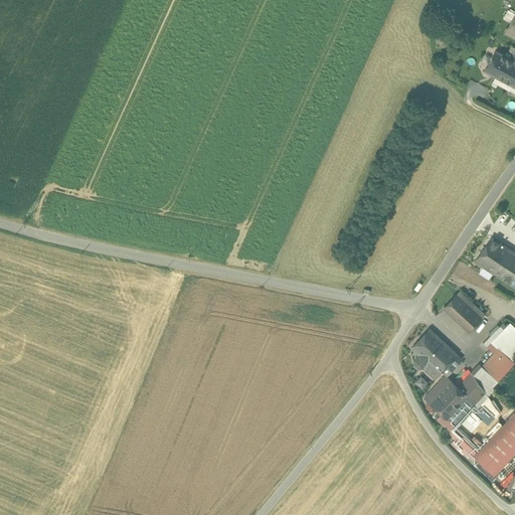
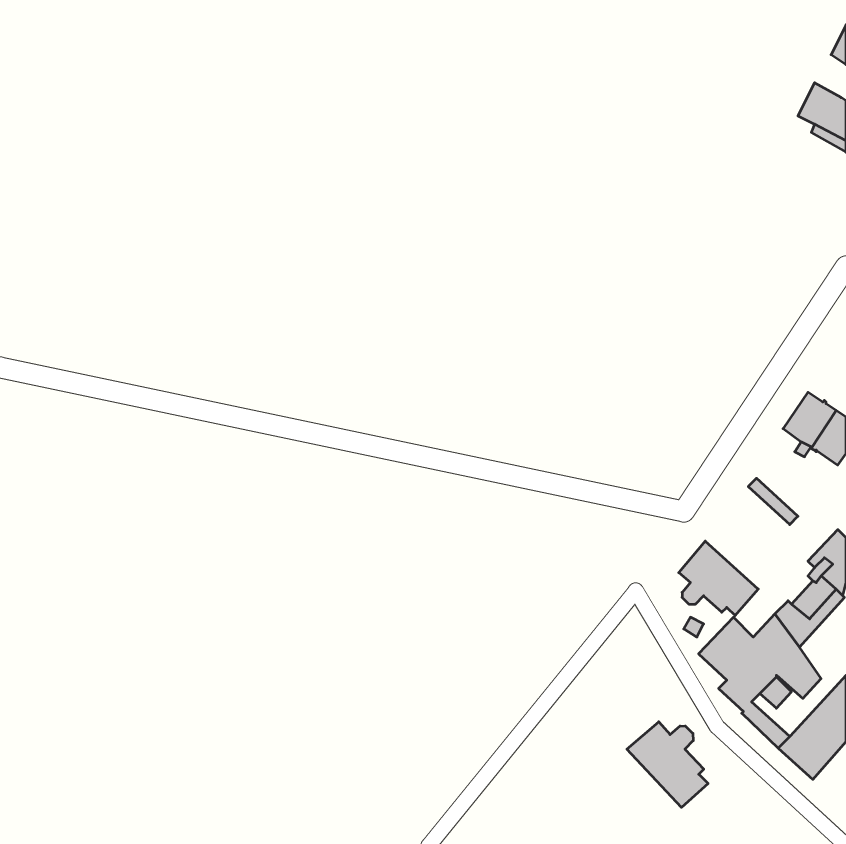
building: [444,297,480,332] -> none
building: none -> [627,722,708,807]

